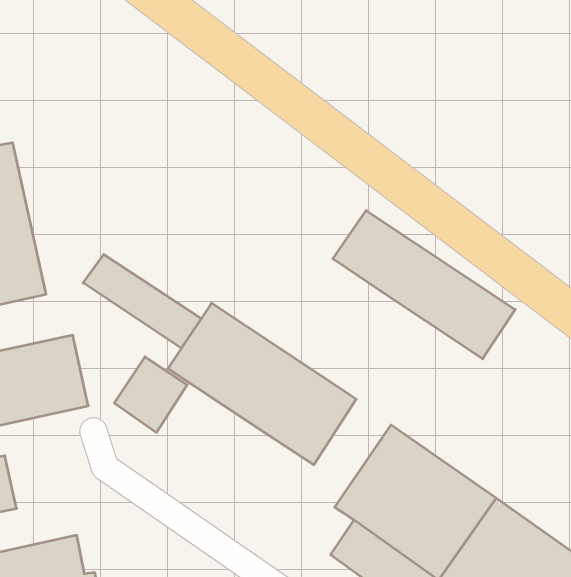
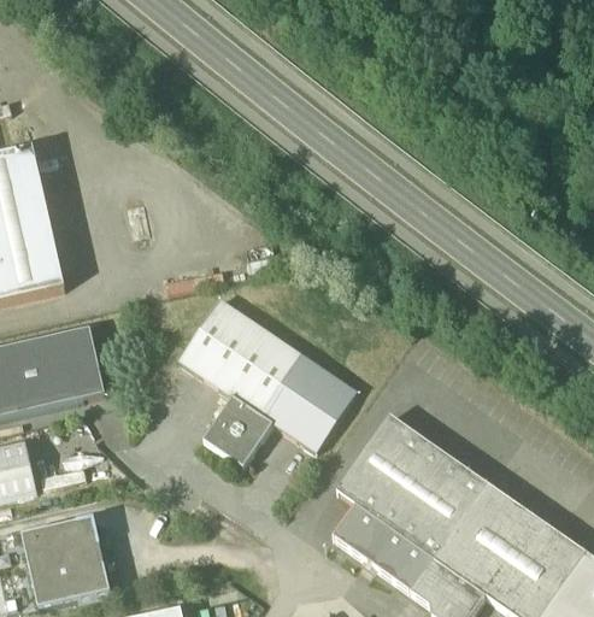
building: [333,210,515,359] -> none
building: [83,254,201,348] -> none
building: [114,357,187,432] -> [204,395,272,466]

